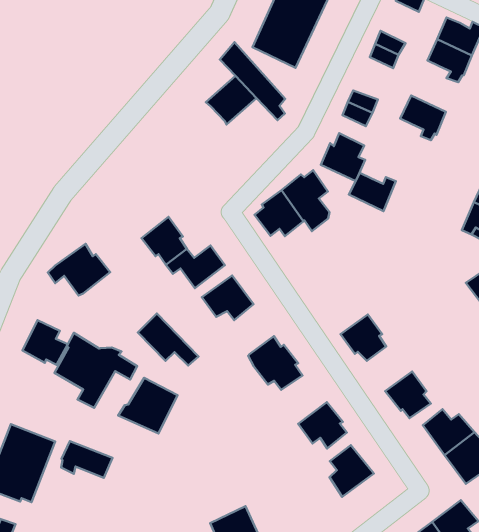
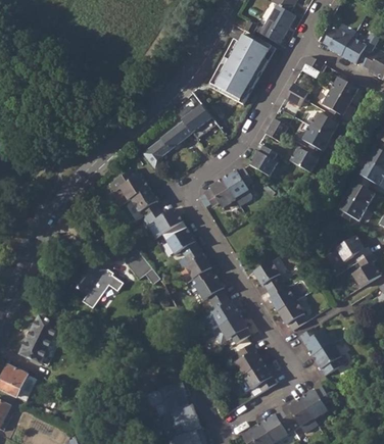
building: none -> [310,110,341,136]
building: none -> [142,120,190,165]
building: [349,173,396,211] -> [290,146,321,171]
building: [48,244,110,296] -> [109,169,149,202]
building: none -> [185,249,212,281]
building: [22,320,68,365] -> none
building: none -> [269,282,305,311]
building: none -> [212,297,241,328]
building: [118,378,178,433] -> none
building: [61,441,112,478] -> none
building: none -> [246,363,280,393]

